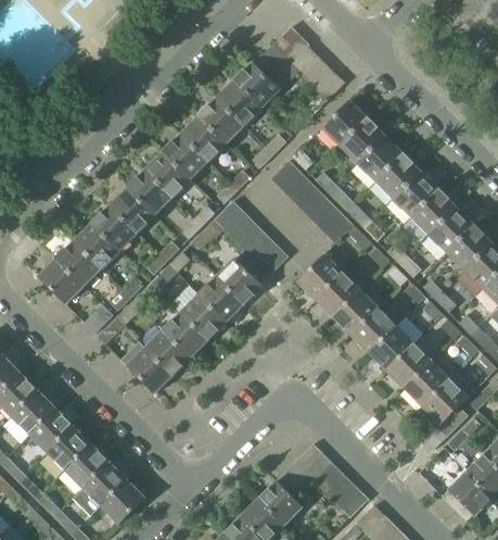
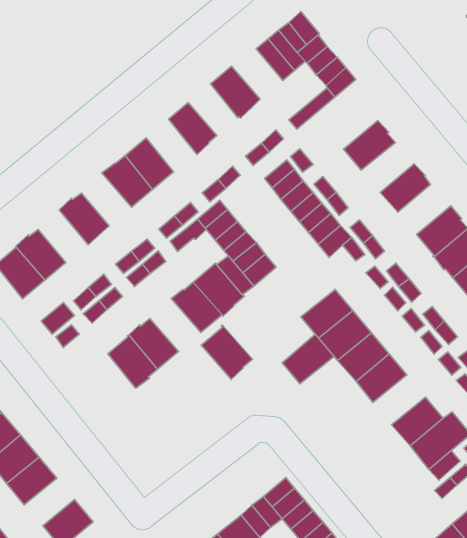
building: [233,61,280,108] -> none
building: [197,98,243,143] -> none
building: [322,100,368,146] -> none
building: [162,133,208,179] -> none
building: [357,136,404,181] -> none
building: [392,171,438,216] -> none
building: [110,187,155,233] -> none
building: [74,223,119,269] -> none
building: [297,253,343,299] -> [282,334,334,384]
building: [180,292,227,340] -> [201,325,252,379]
building: [385,342,432,388] -> none
building: [127,347,173,393] -> none
building: [82,462,127,505] -> none

